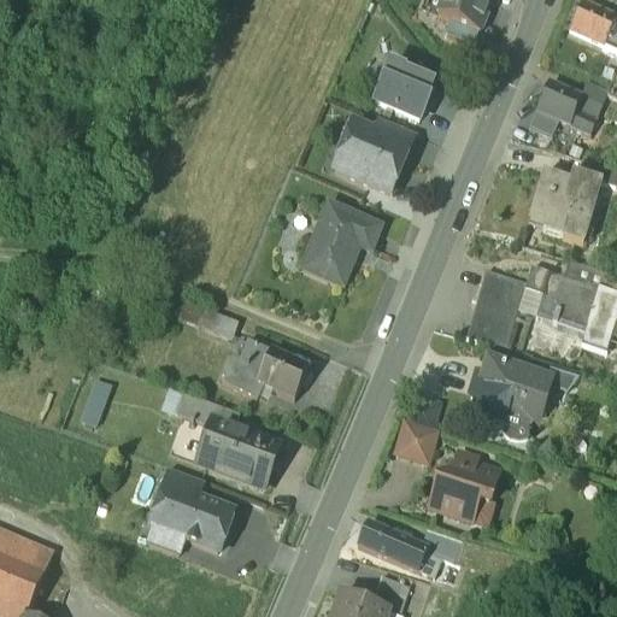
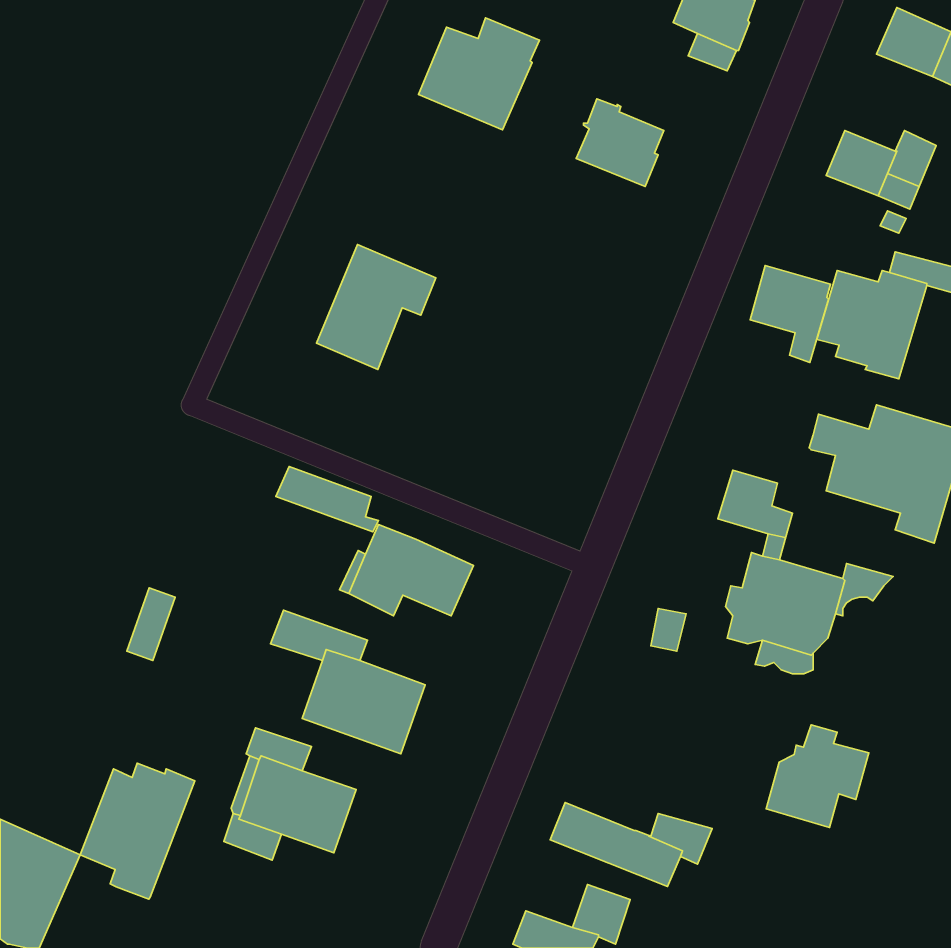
building: [334,119,412,192] -> [418,18,540,130]
building: [301,204,378,284] -> [316,244,436,369]
building: [475,269,527,331] -> [750,266,830,363]
building: [395,418,436,459] -> none
building: [430,449,496,516] -> [766,725,869,827]
building: none -> [80,763,195,899]

